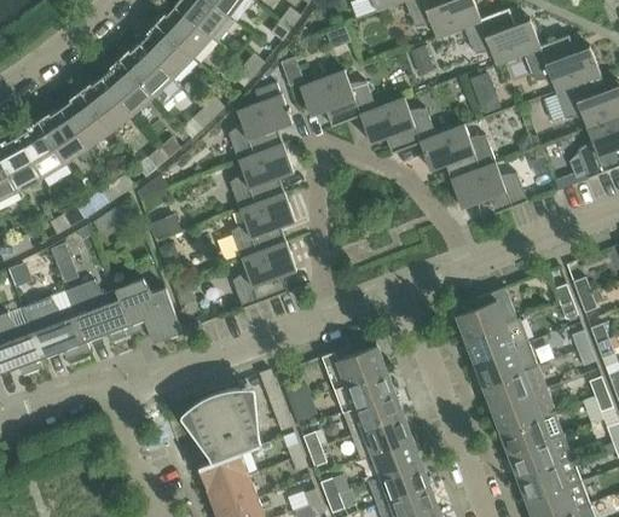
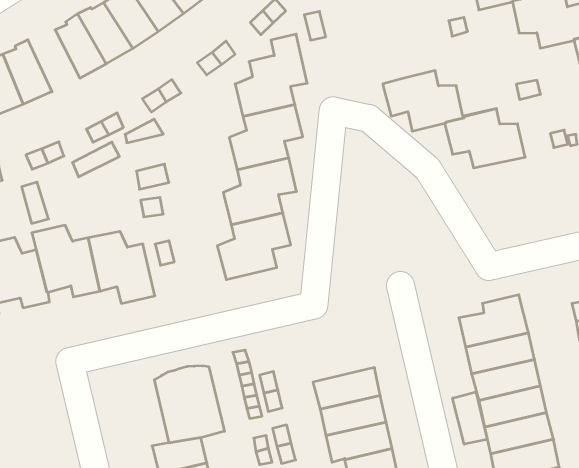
building: [300,71,377,127] -> none
building: [39,108,89,163] -> none
building: [451,164,527,219] -> none
building: [322,345,387,390] -> none
building: none -> [453,392,487,444]

